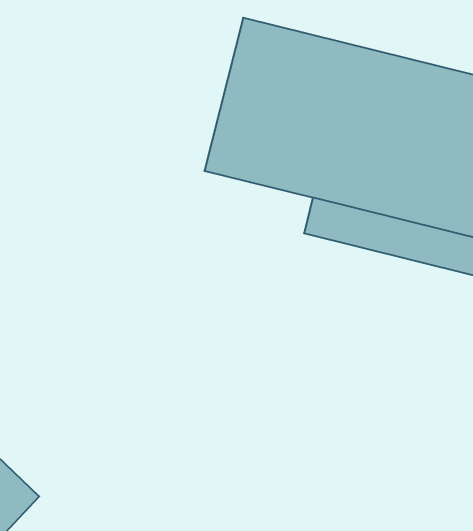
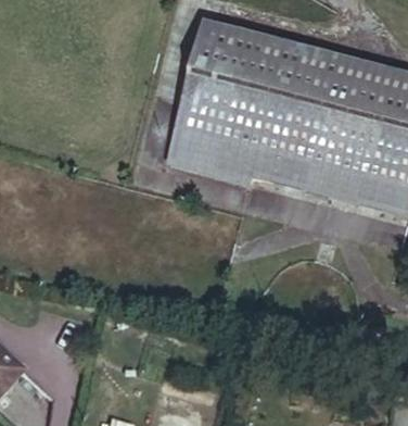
building: none -> [163,131,251,187]

